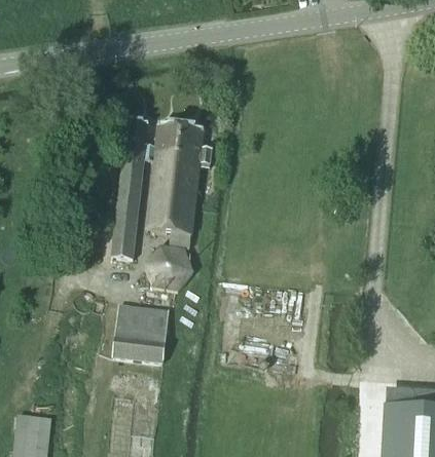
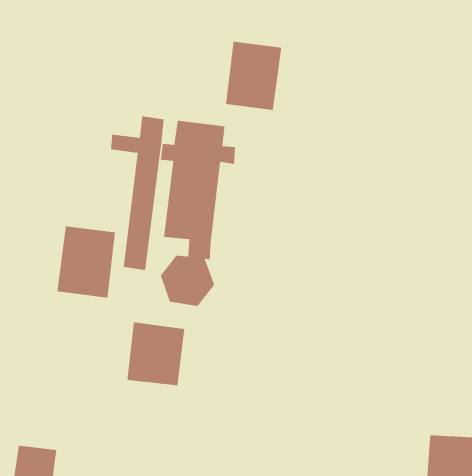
building: none -> [225,41,282,111]
building: none -> [56,226,116,298]

